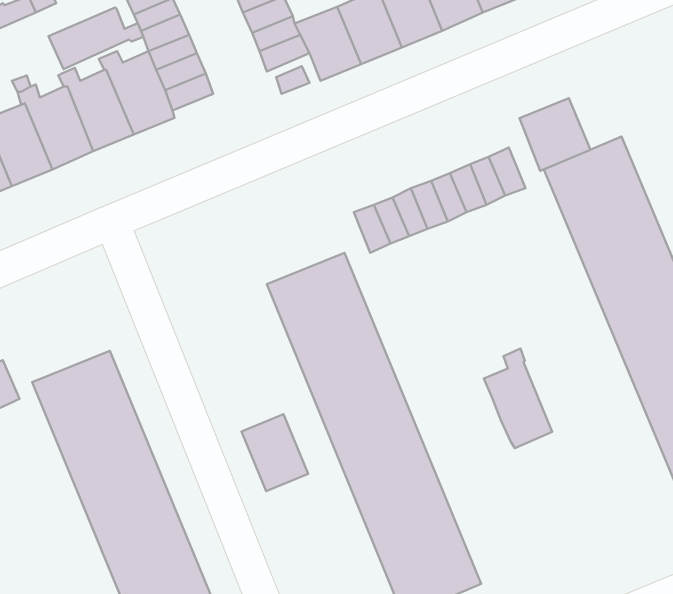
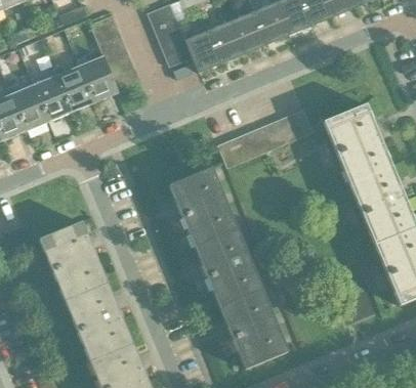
building: [49,8,143,69] -> none
building: [520,98,590,171] -> none
building: [484,349,552,448] -> none
building: [242,414,308,491] -> none

